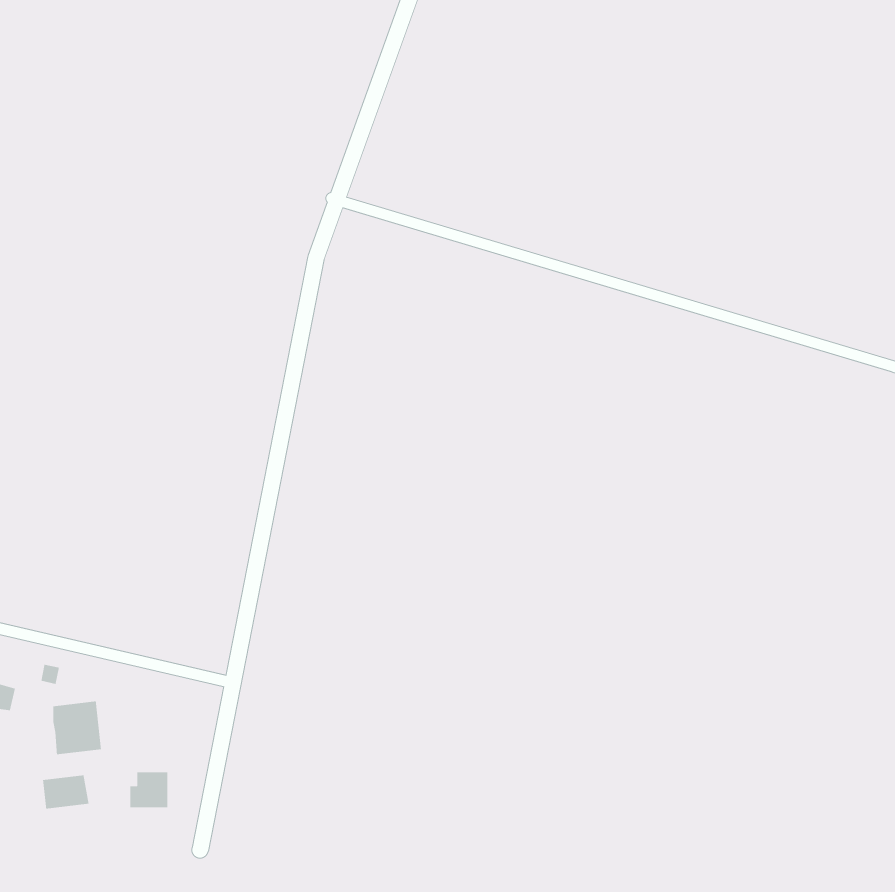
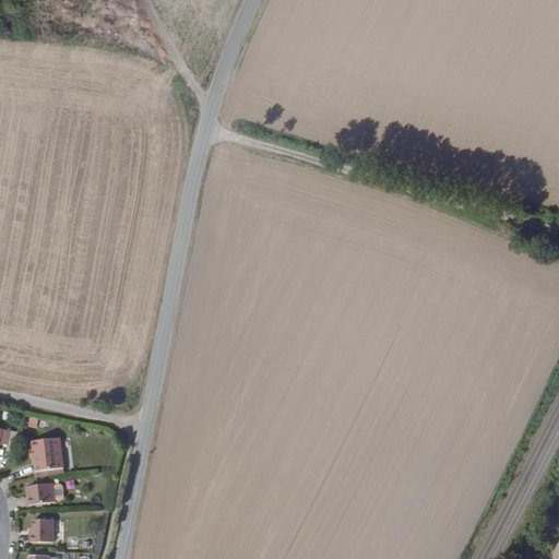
building: [129,771,168,808] -> [28,518,52,540]

